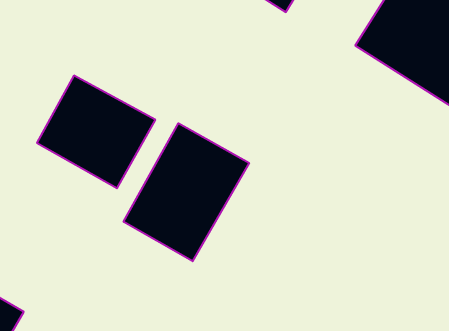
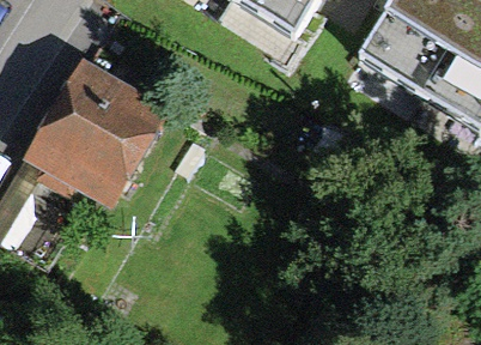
building: [124,123,249,261] -> none

